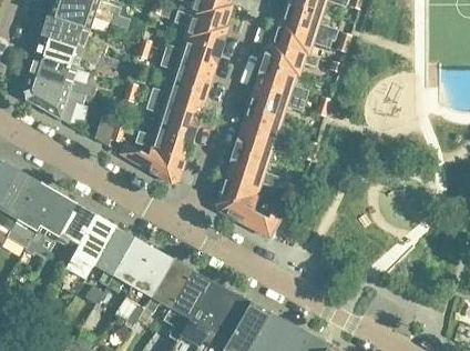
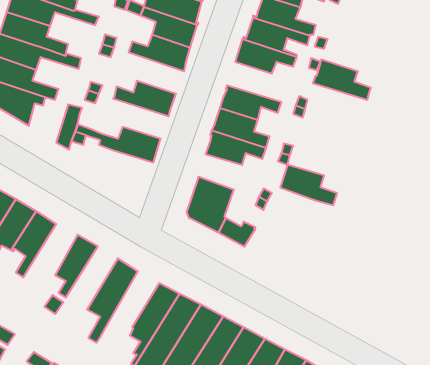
building: [159,54,214,93] -> none
building: [254,63,308,101] -> [313,59,371,100]
building: [144,98,200,136] -> none
building: [119,144,185,182] -> none
building: [227,150,280,188] -> [280,165,337,205]
building: [63,215,114,278] -> none
building: [103,237,152,295] -> none
building: [136,260,191,325] -> none

